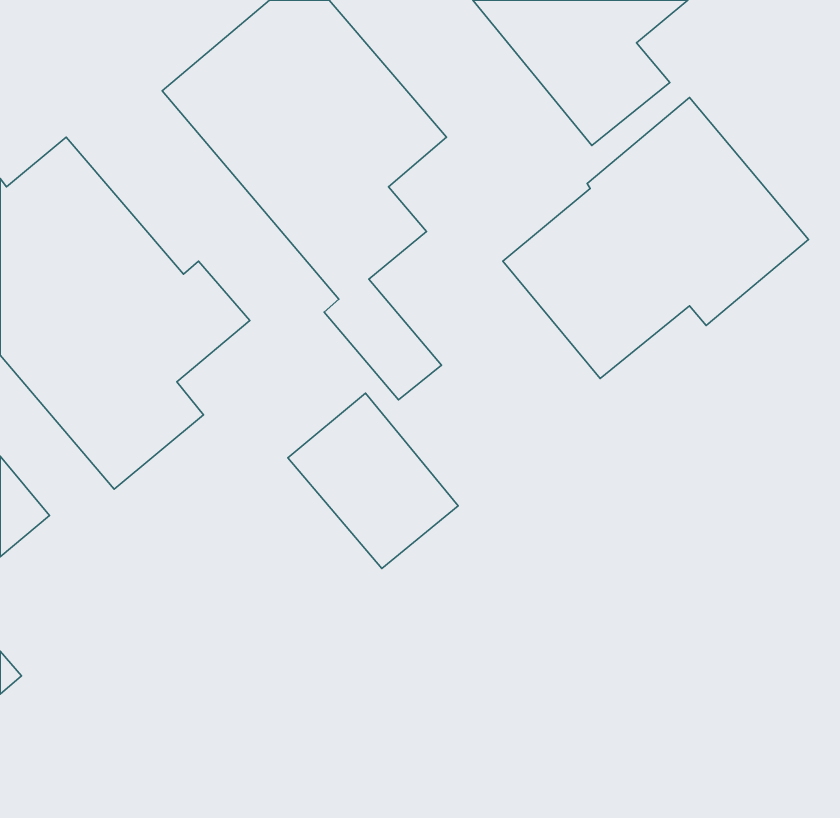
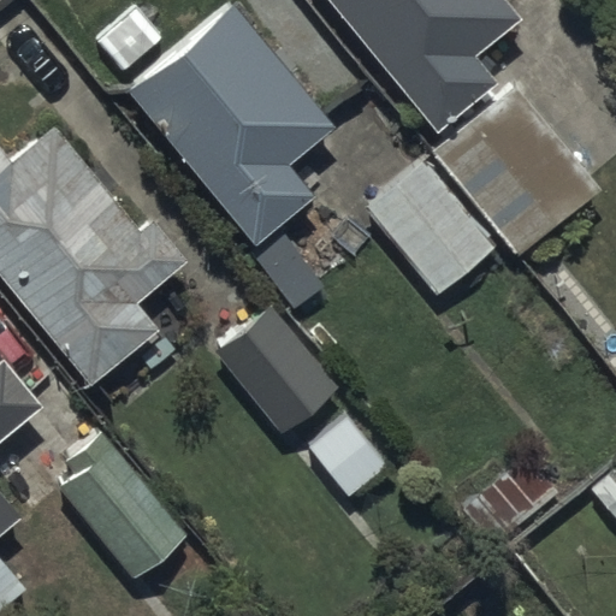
building: none -> [58,431,183,578]

